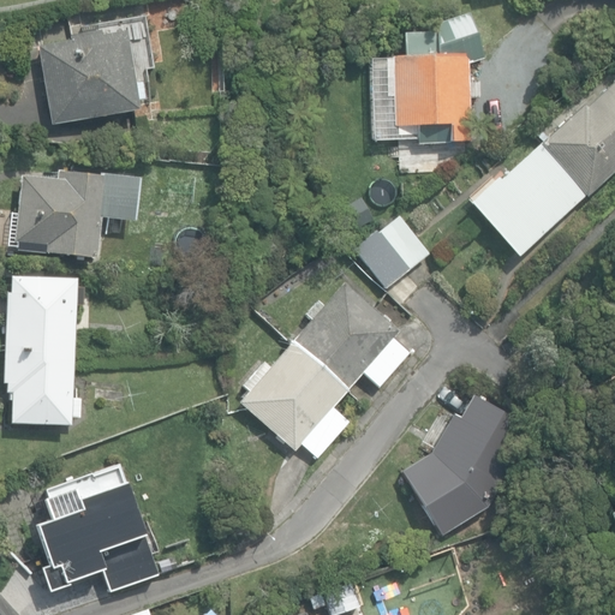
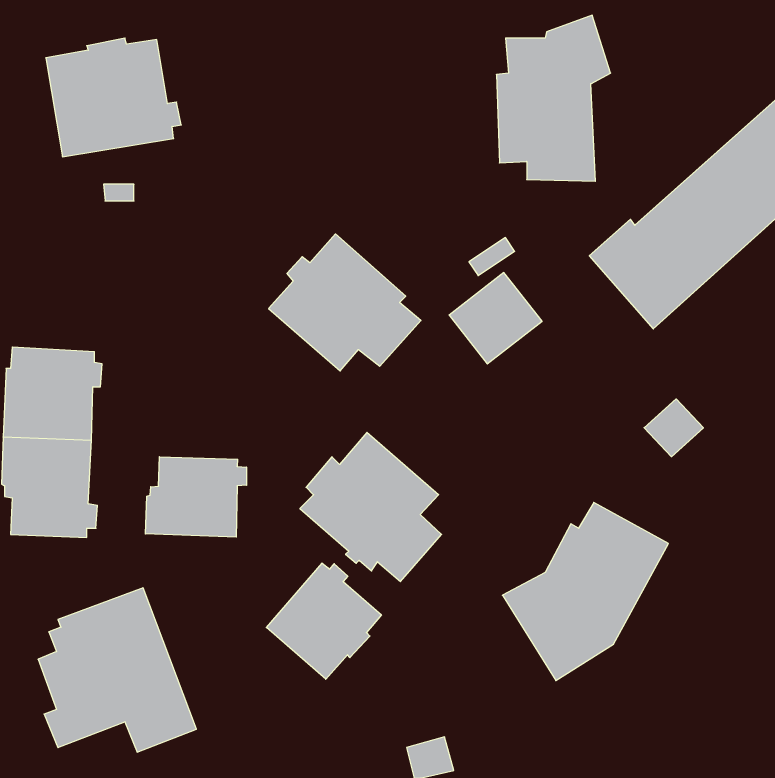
building: [18,168,139,261] -> none
building: [292,282,412,390] -> [269,234,421,371]
building: none -> [145,457,247,537]
building: none -> [266,563,381,679]

